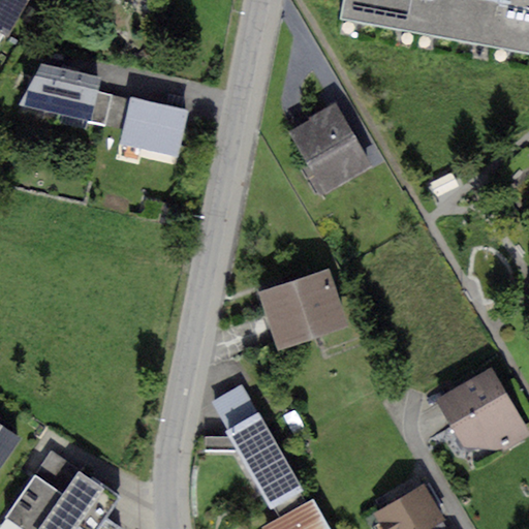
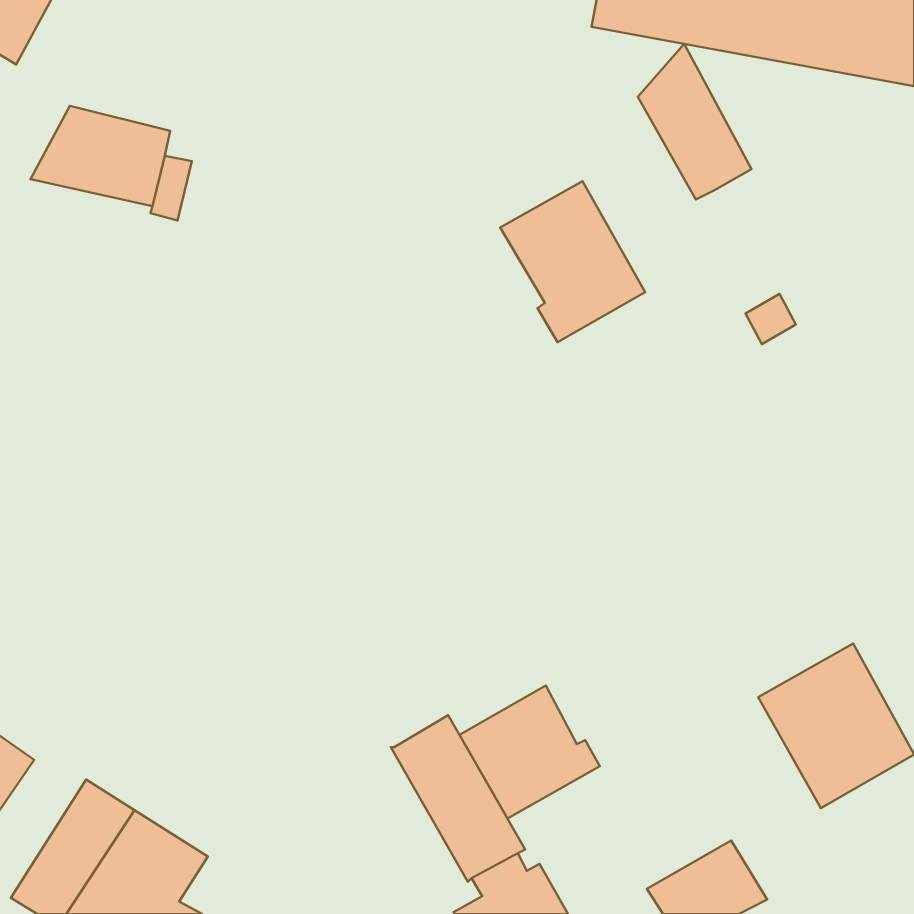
building: none -> [638,44,752,200]
building: [119,97,189,157] -> none
building: [258,271,345,348] -> none
building: [211,383,258,431] -> none
building: none -> [459,686,600,819]

